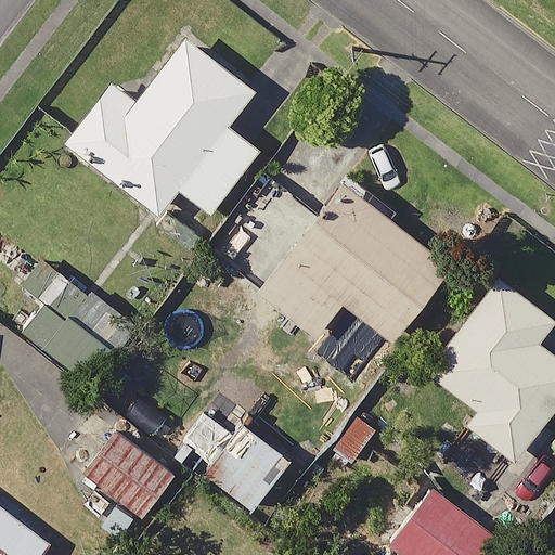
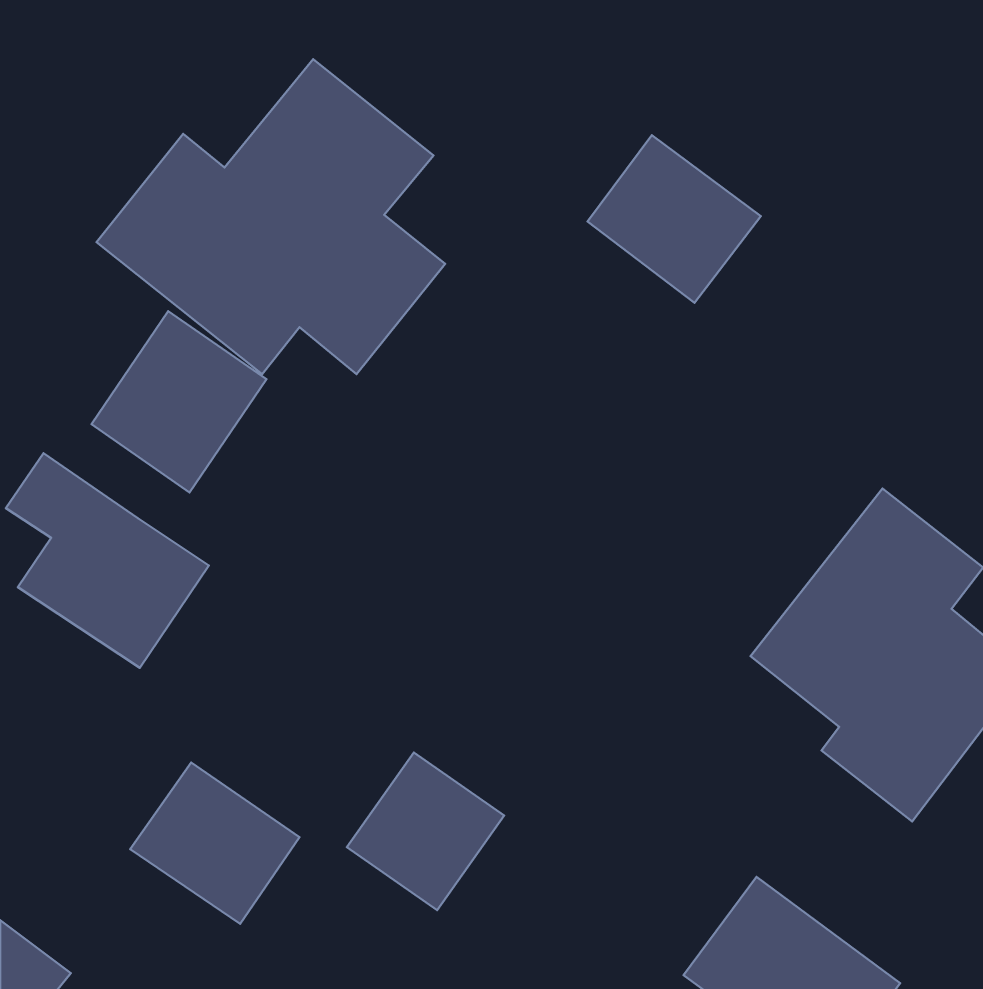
building: none -> [587,135,761,303]
building: none -> [91,311,266,492]
building: [221,188,449,341] -> none

